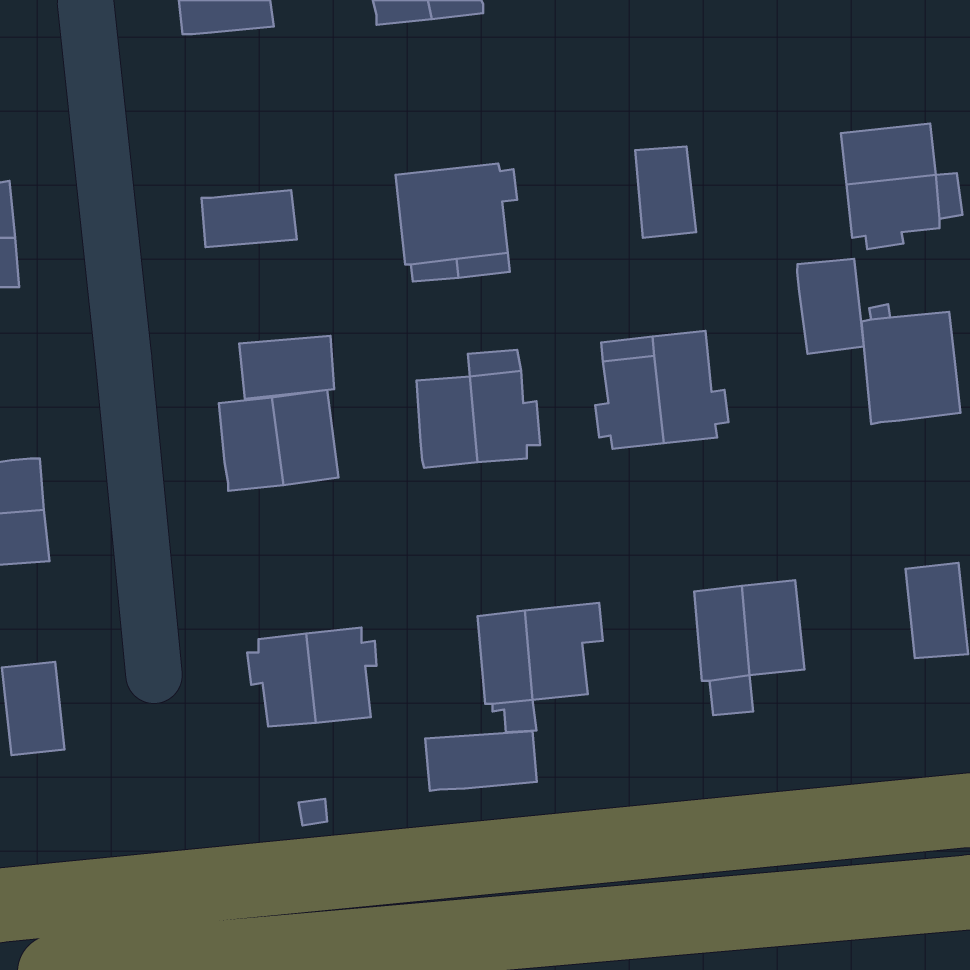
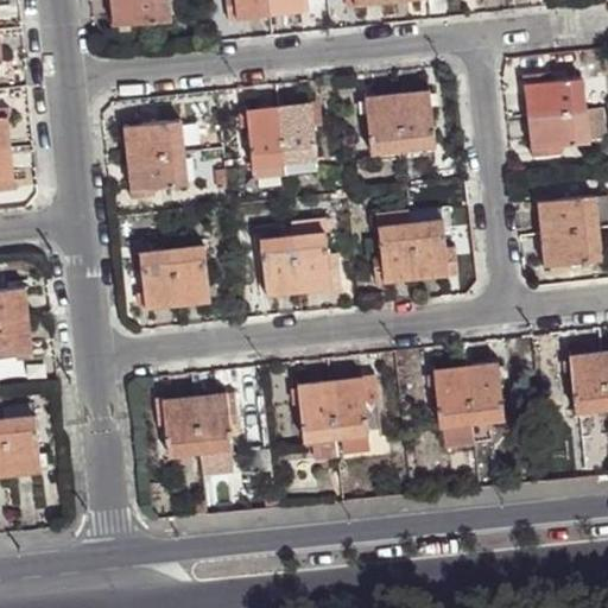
building: none -> [365,95,401,152]
building: [797,259,864,354] -> none
building: [239,336,334,399] -> [128,151,188,190]
building: [425,731,537,791] -> none

